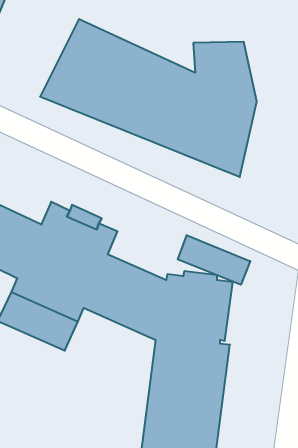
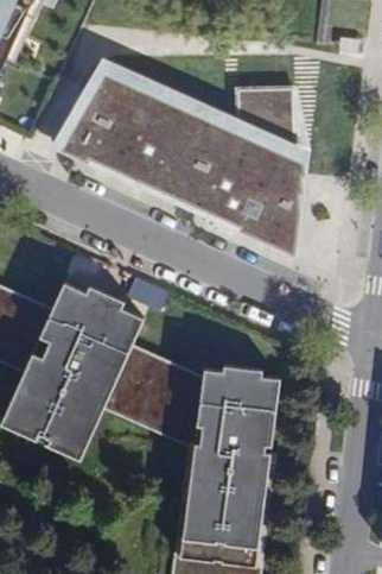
building: [178,235,250,285] -> none

